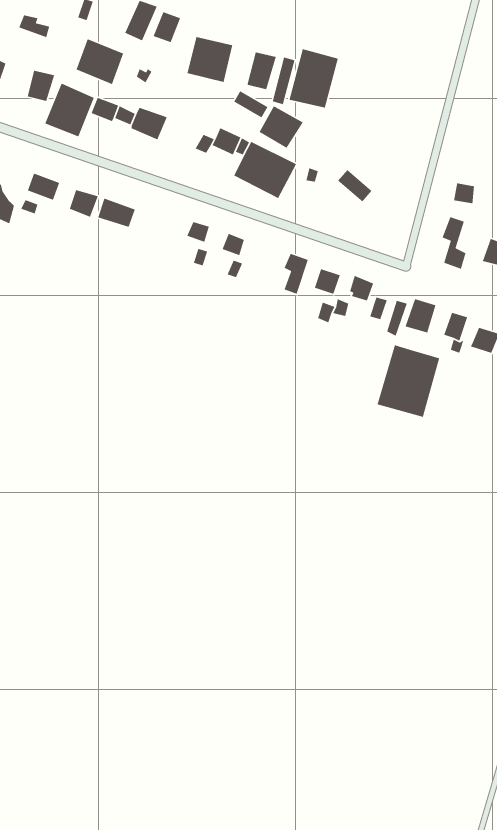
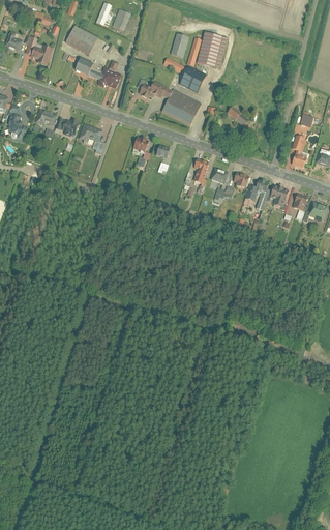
building: [186,36,233,83] -> none
building: [44,83,95,138] -> none
building: [376,344,440,418] -> none

